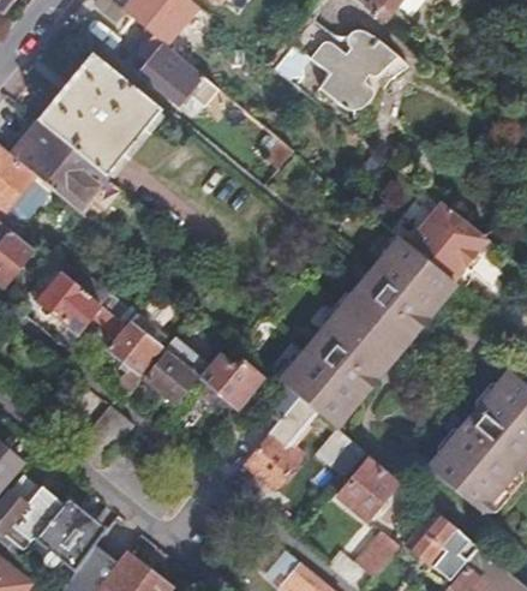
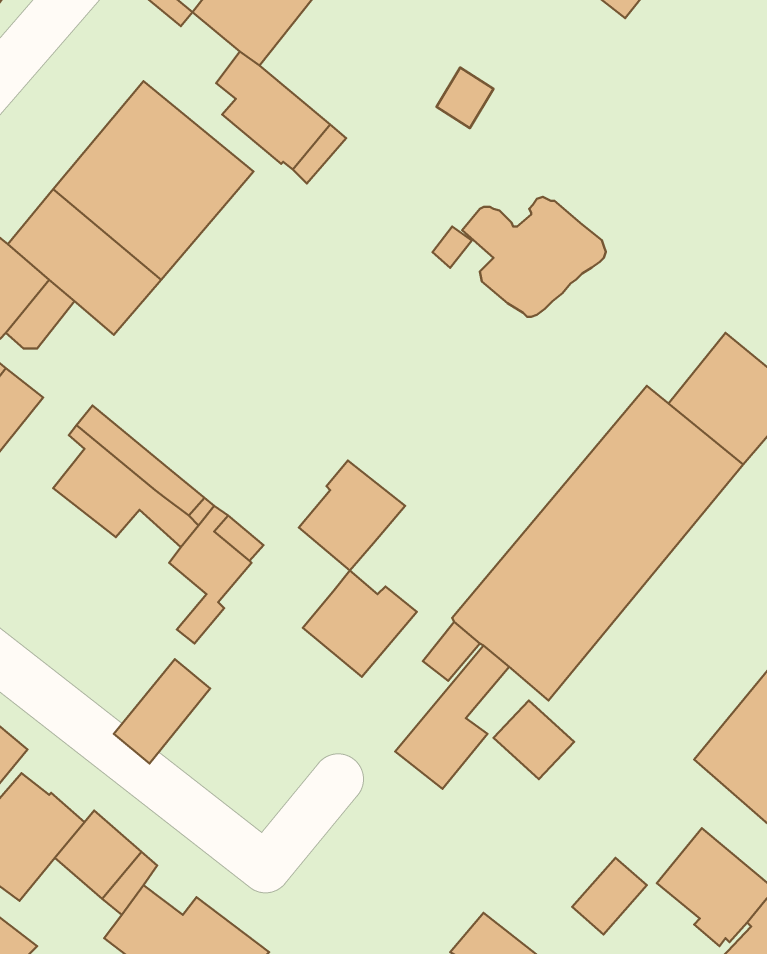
building: [310,34,397,107] -> [462,197,606,317]
building: [144,336,209,404] -> [299,461,405,571]
building: [337,459,396,518] -> none

